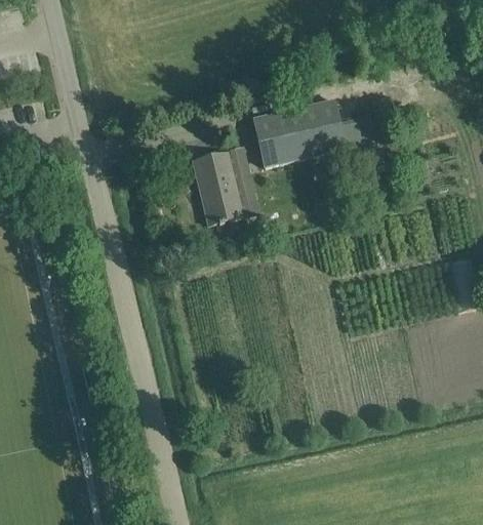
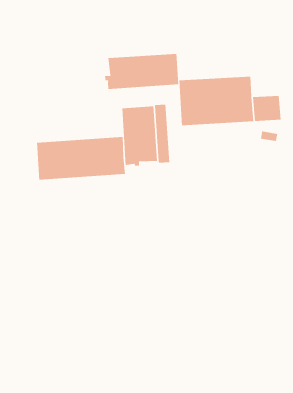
building: none -> [104,53,179,90]
building: none -> [36,136,125,180]

